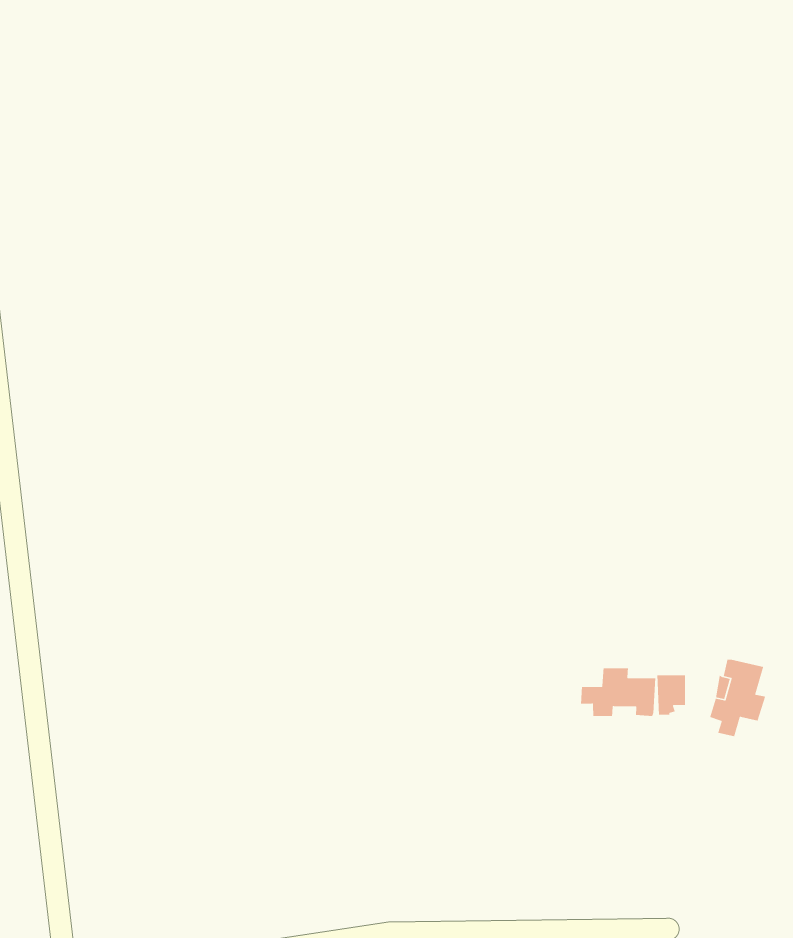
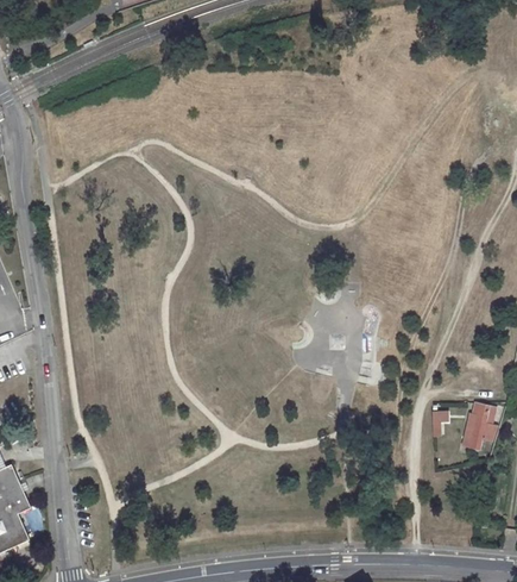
building: [580,667,656,717] -> none

